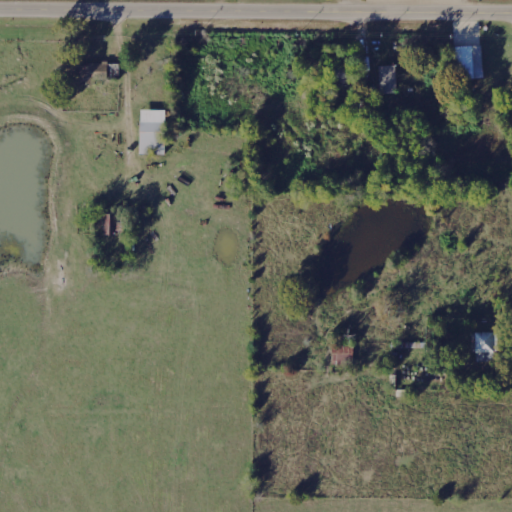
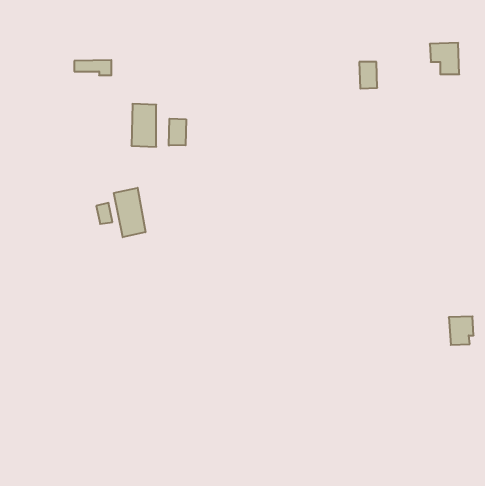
building: none -> [169,119,186,146]
building: none -> [114,188,145,237]

